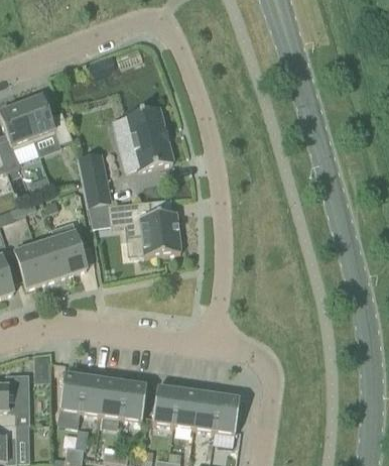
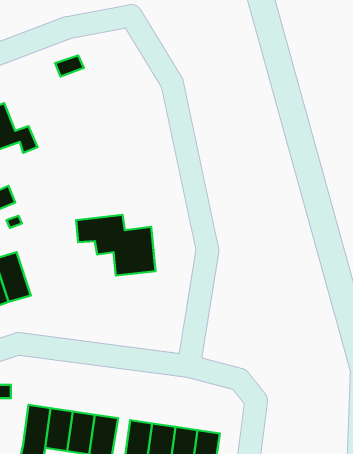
building: [122,106,172,170] -> none
building: [78,152,111,207] -> none
building: [51,222,87,273] -> none

